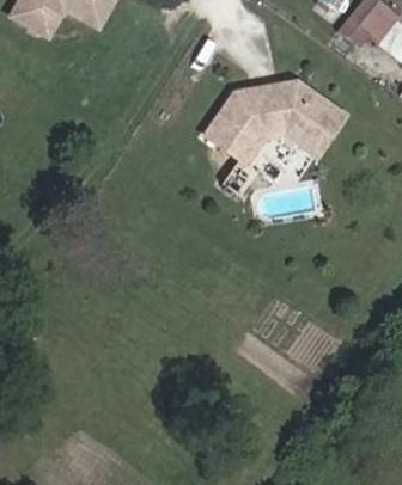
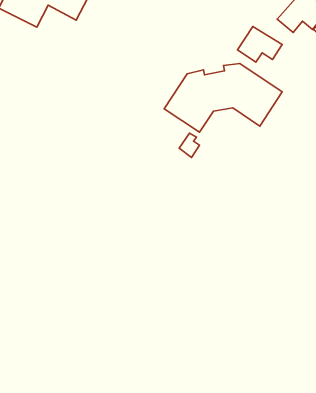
building: none -> [237,26,282,62]

